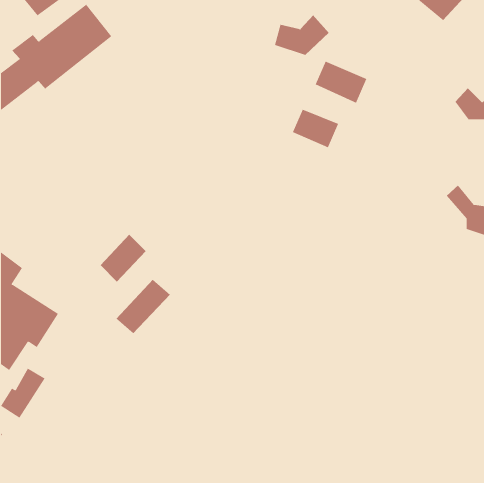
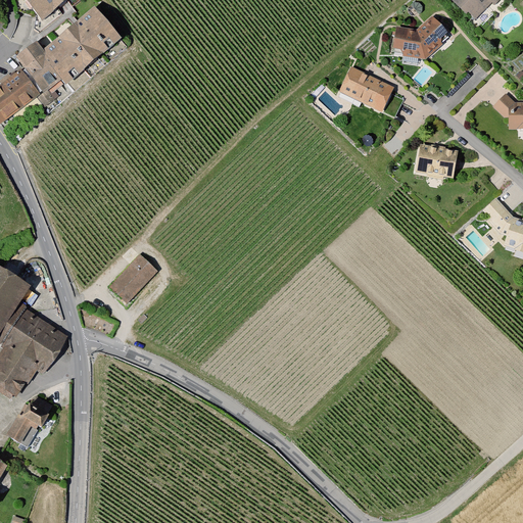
building: [274,15,329,56] -> [389,16,448,60]
building: [292,109,339,148] -> none
building: none -> [415,145,457,180]
building: [115,279,171,334] -> none

